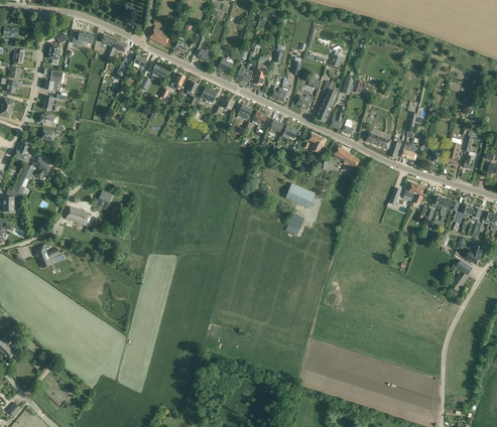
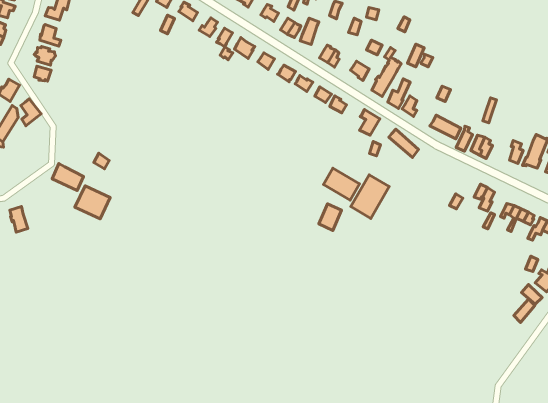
building: none -> [351,175,389,218]
building: none -> [75,186,110,219]

